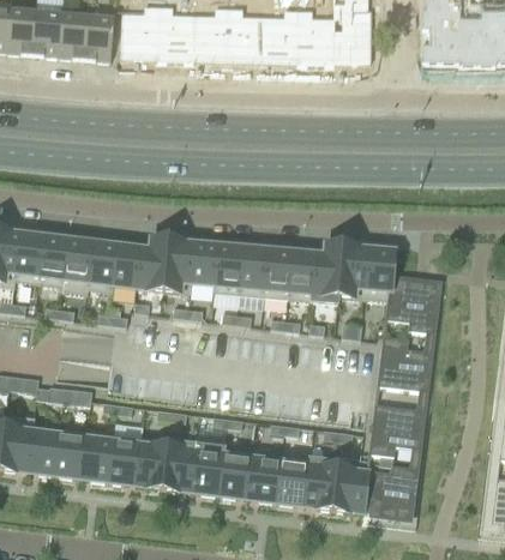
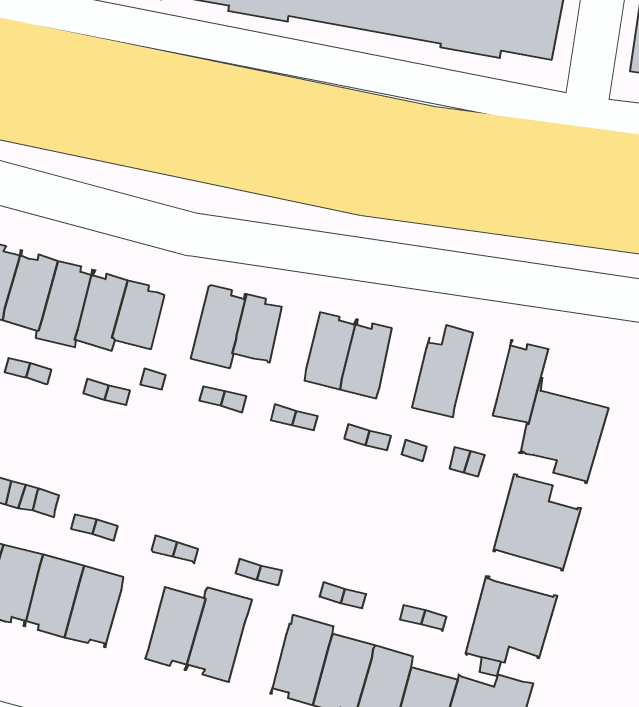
building: [138,240,170,290] -> none
building: [214,246,244,294] -> none
building: [339,247,369,299] -> none
building: [288,252,317,301] -> none
building: [137,438,169,488] -> none
building: [220,448,253,499] -> none

